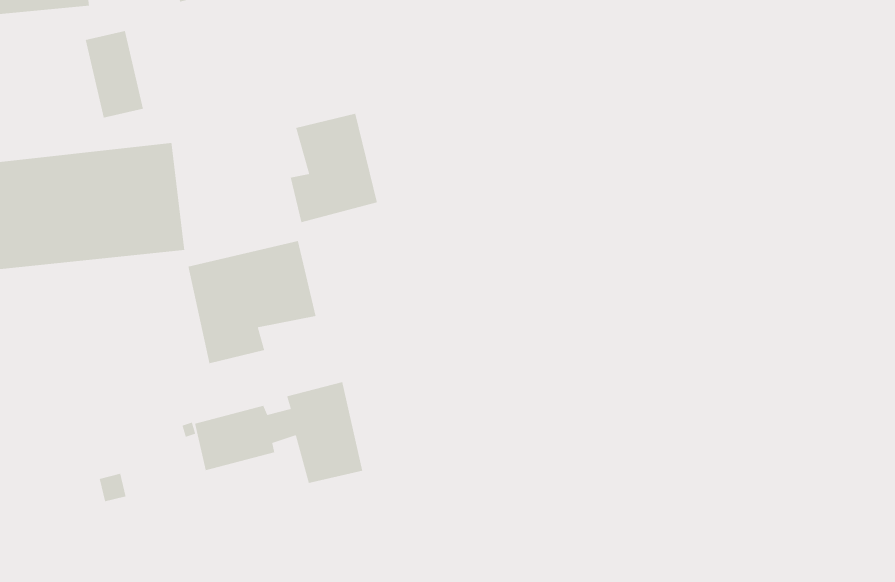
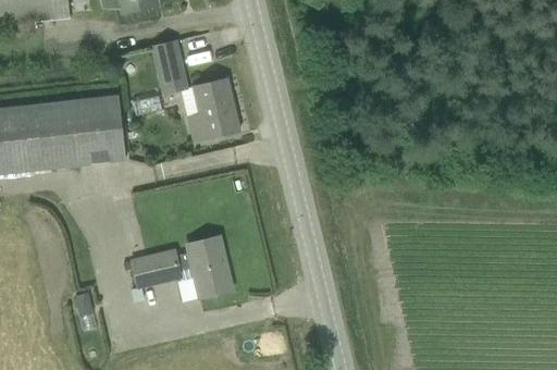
building: [85,30,144,118] -> [152,40,187,92]
building: [188,240,317,364] -> none

